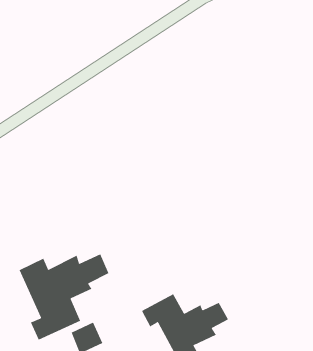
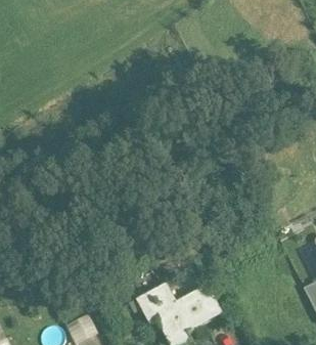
building: [19,253,109,340] -> none

